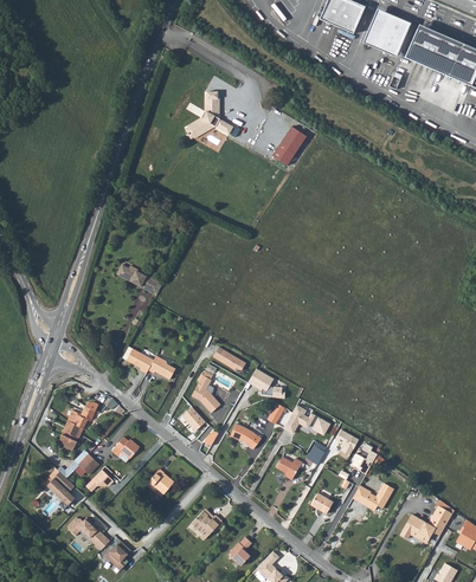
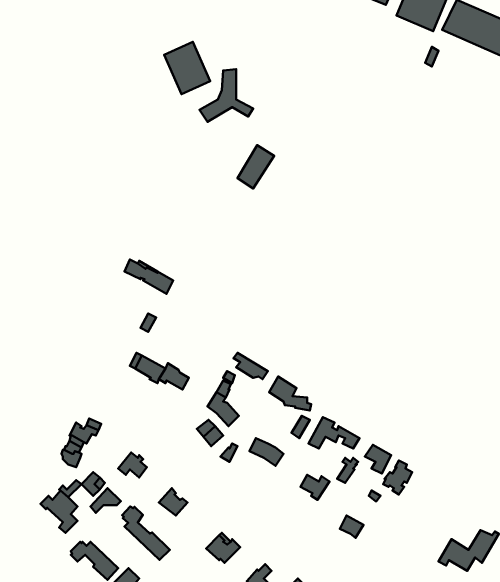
building: none -> [164,42,210,94]
building: [272,128,305,167] -> [238,145,274,189]
building: [352,483,393,510] -> none
building: none -> [122,506,170,560]

